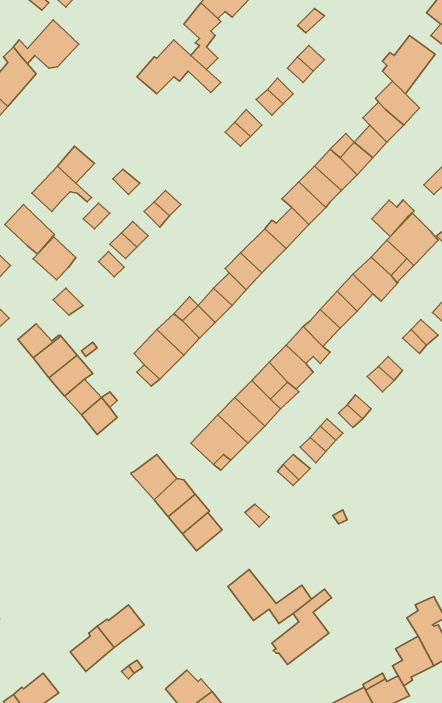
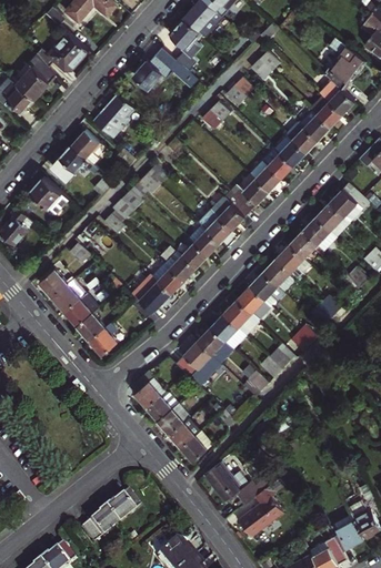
building: none -> [92,94,133,130]
building: [372,200,414,236] -> none
building: [33,237,76,280] -> none
building: none -> [179,430,211,462]

